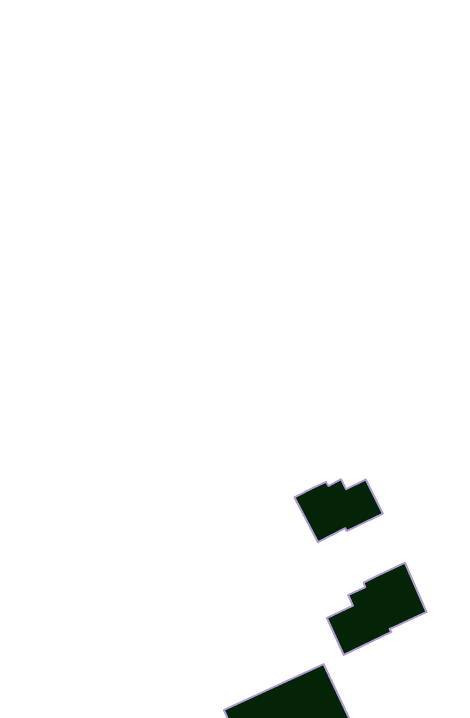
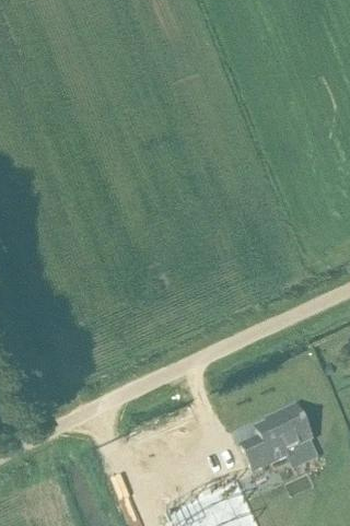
building: [295,479,383,542] -> none

